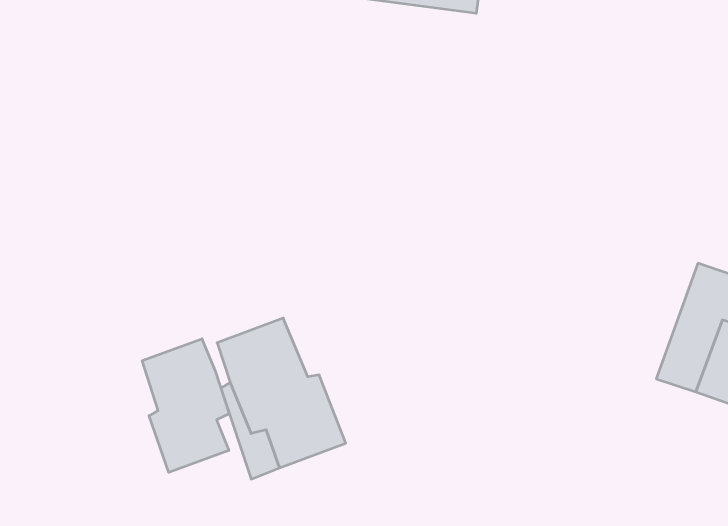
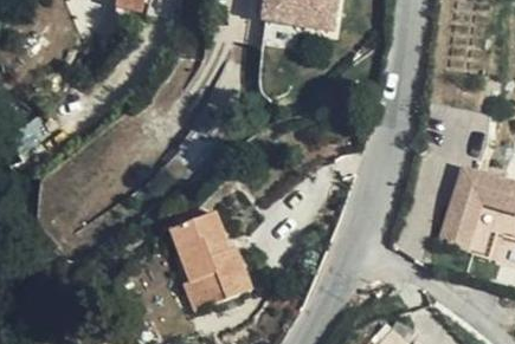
building: [142,339,229,472] -> none

